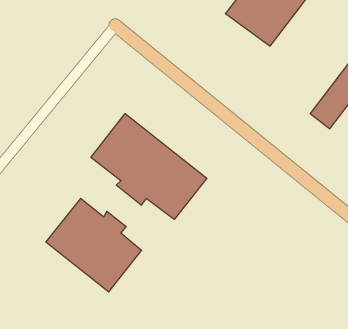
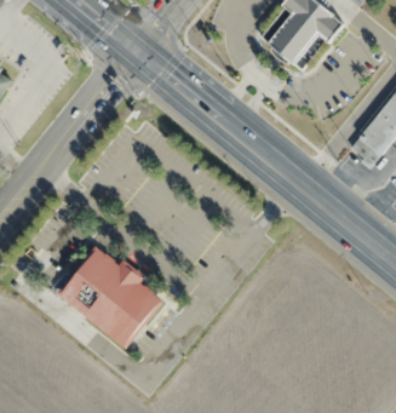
building: [91,114,207,219] -> none

